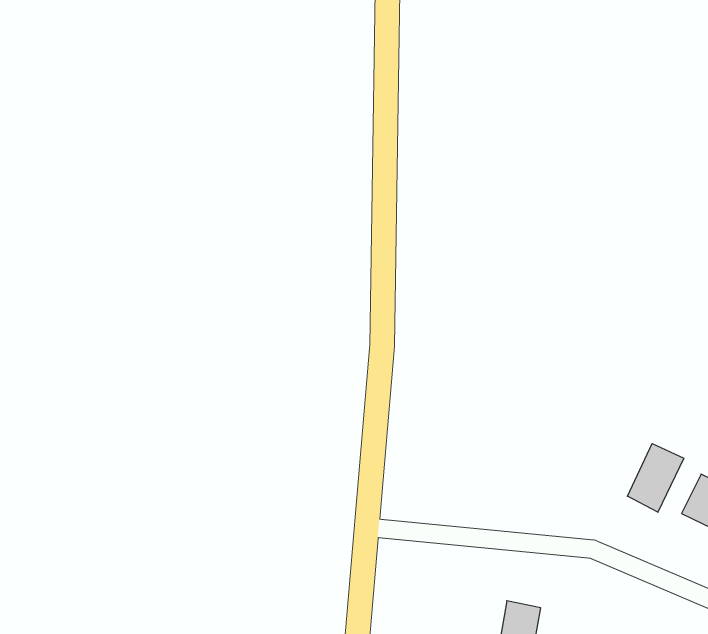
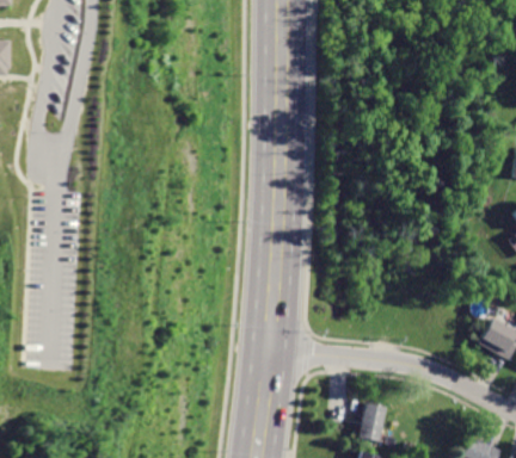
building: [627,444,684,512] -> none

